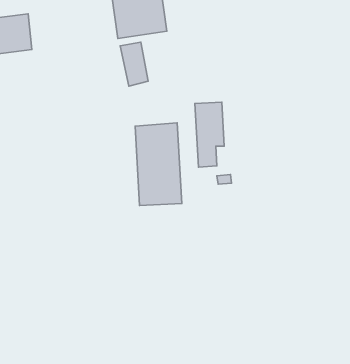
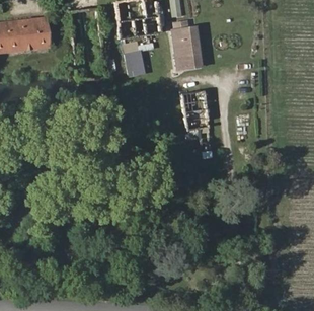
building: none -> [171,26,201,70]
building: [135,123,182,205] -> none

